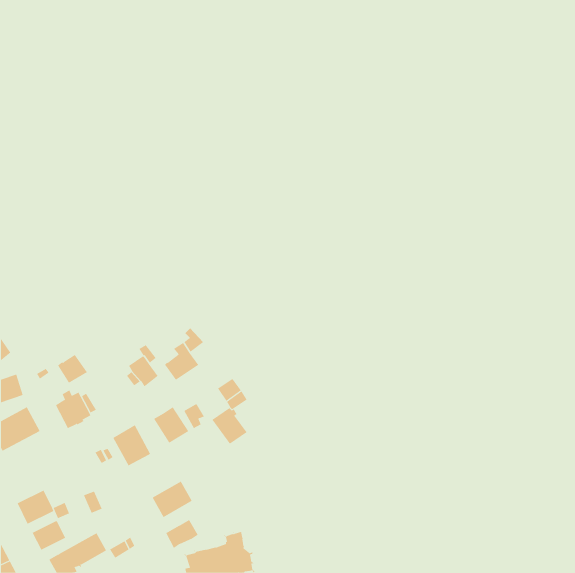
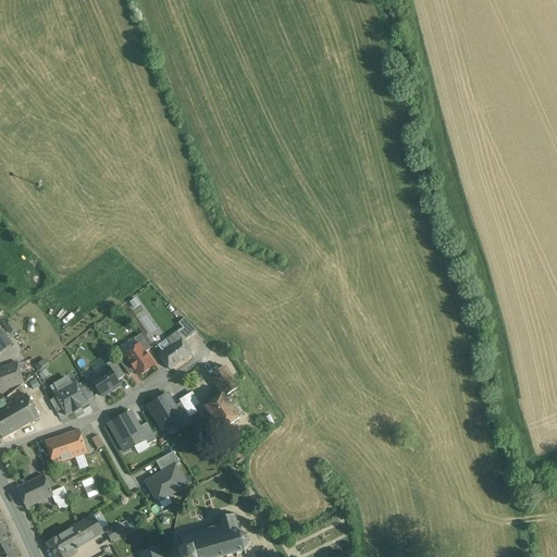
building: [57,354,88,384] -> [91,367,121,395]
building: none -> [46,429,87,463]
building: [165,520,199,549] -> none
building: [32,520,66,550] -> none

